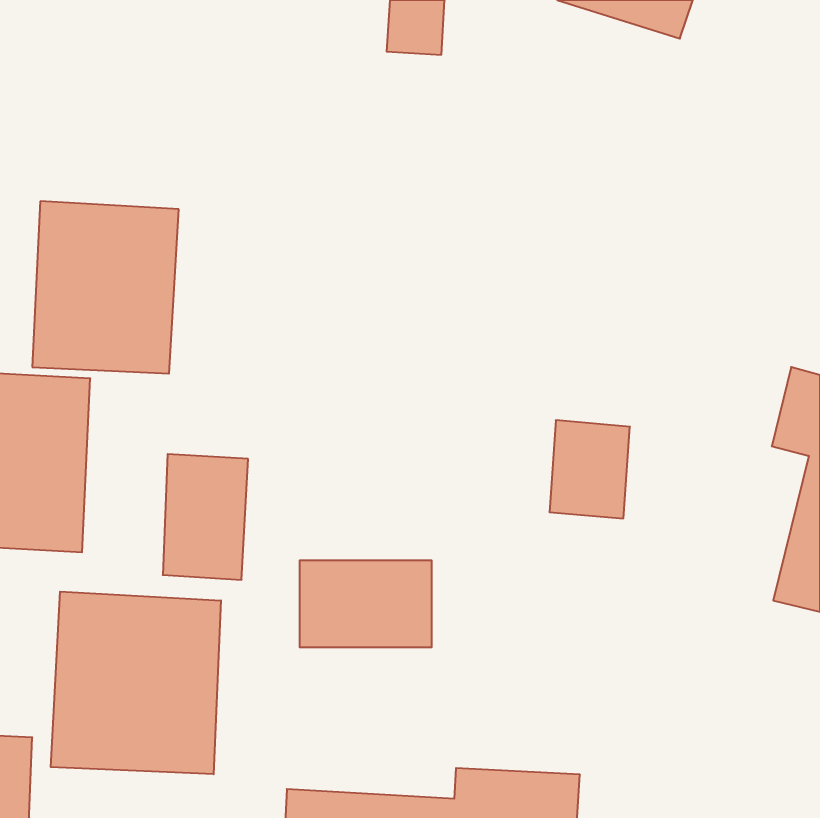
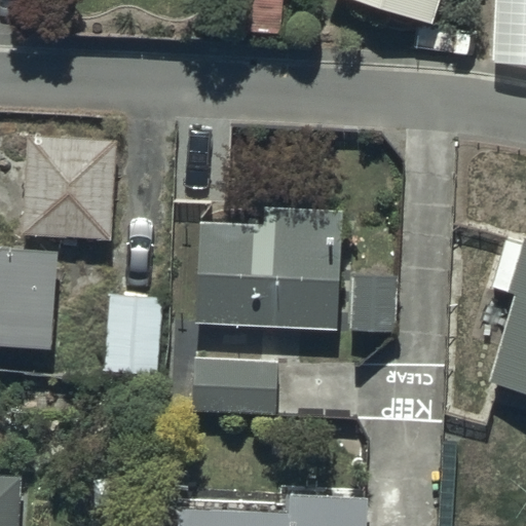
building: none -> [199,198,341,326]
building: [51,592,221,774] -> none

